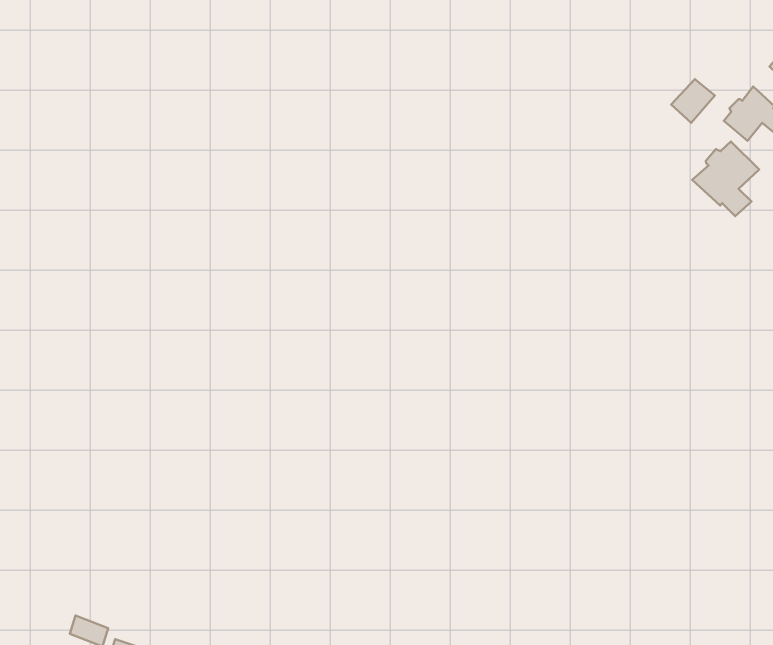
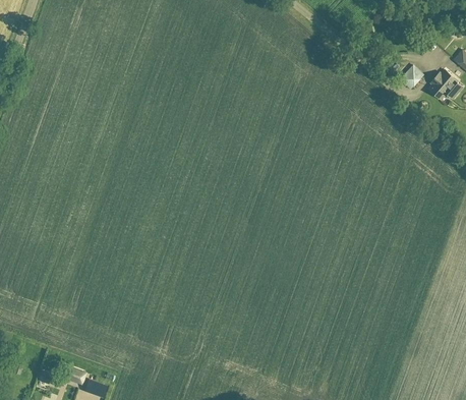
building: [692,141,759,216] -> none

